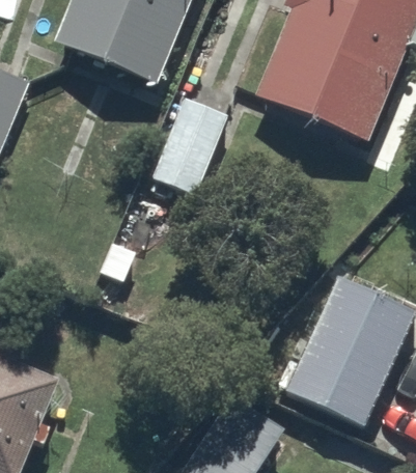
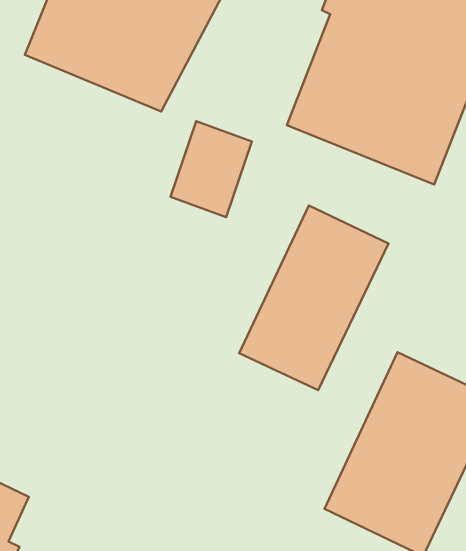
building: none -> [239,206,389,390]

